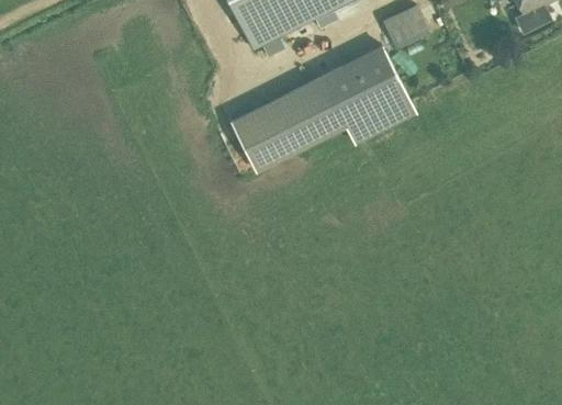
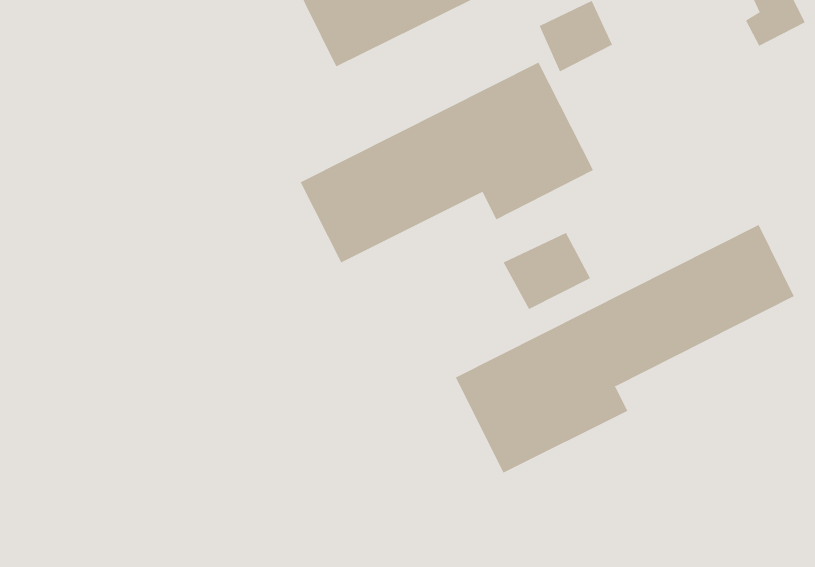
building: none -> [455,224,794,474]
building: none -> [503,232,591,310]

